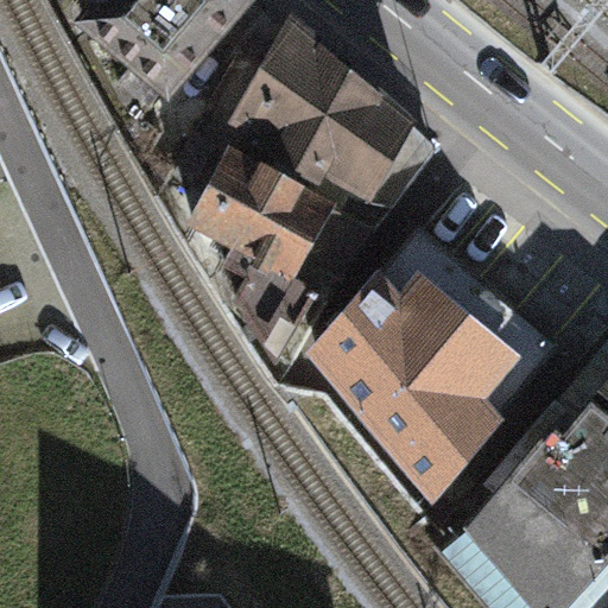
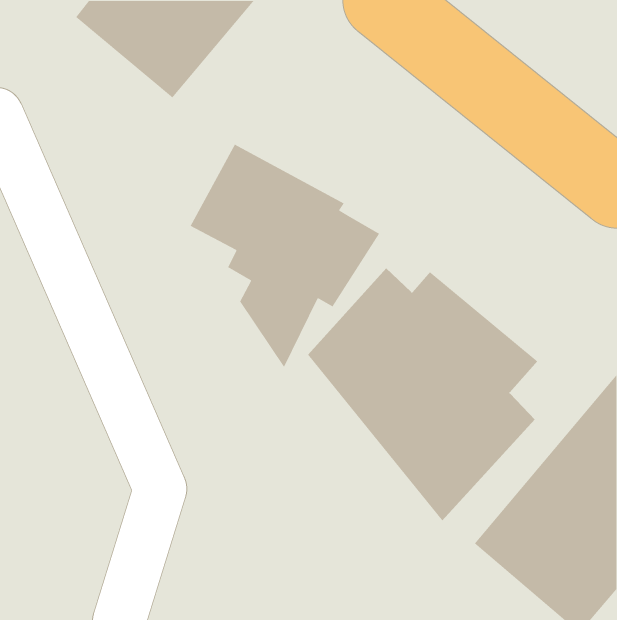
building: [229,12,433,229] -> none

